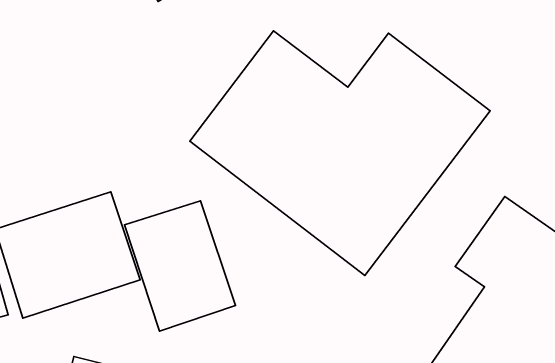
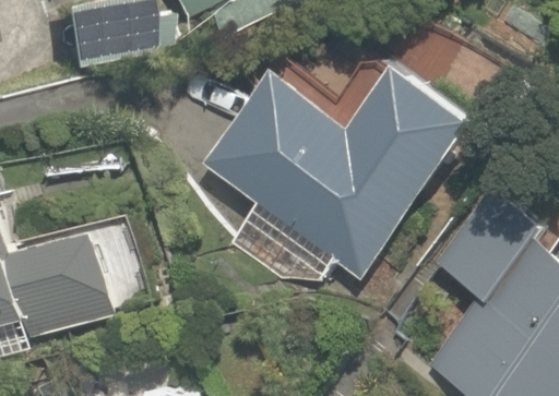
building: [125,201,235,331] -> none

